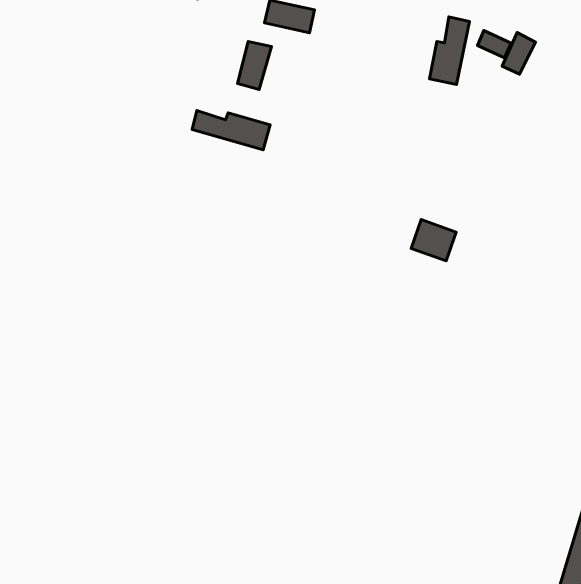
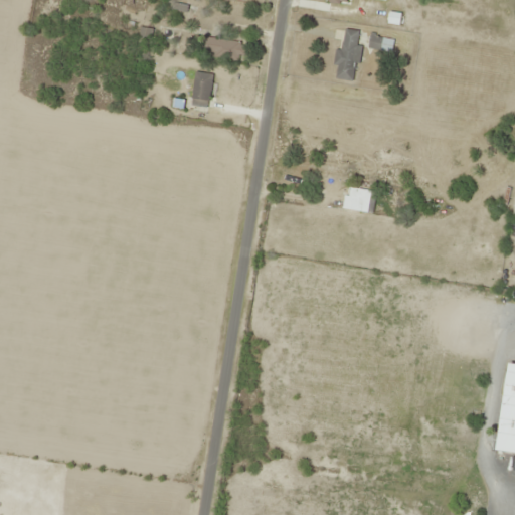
building: [502,33,535,74] -> none
building: [192,110,270,150] -> none

